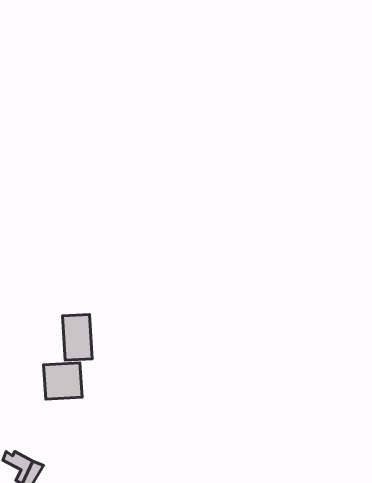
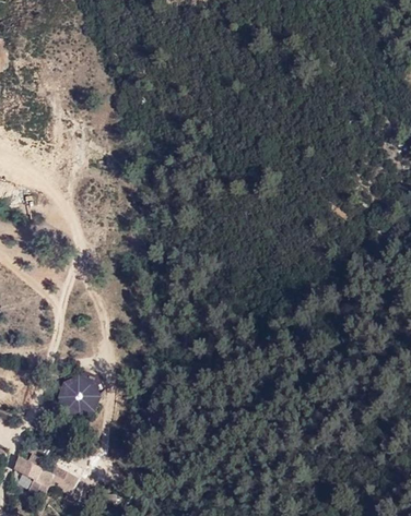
building: [62,314,92,360] -> none

